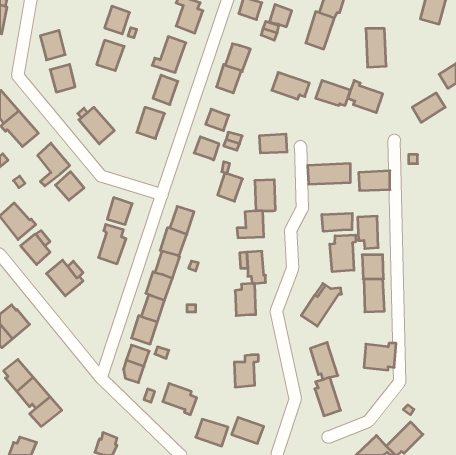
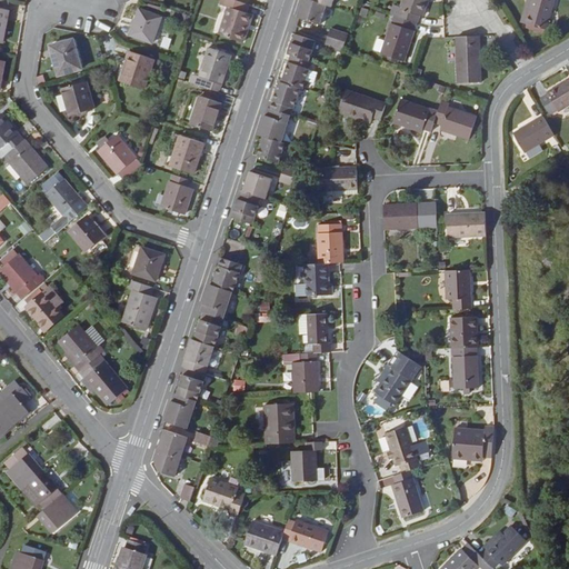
building: [269,4,292,27] -> [287,32,315,60]
building: none -> [258,108,290,142]
building: none -> [161,172,193,213]
building: [218,173,243,201] -> [230,189,261,224]
building: [322,213,352,231] -> none
building: [330,235,356,272] -> none
building: none -> [79,353,128,403]
building: none -> [263,402,293,443]

